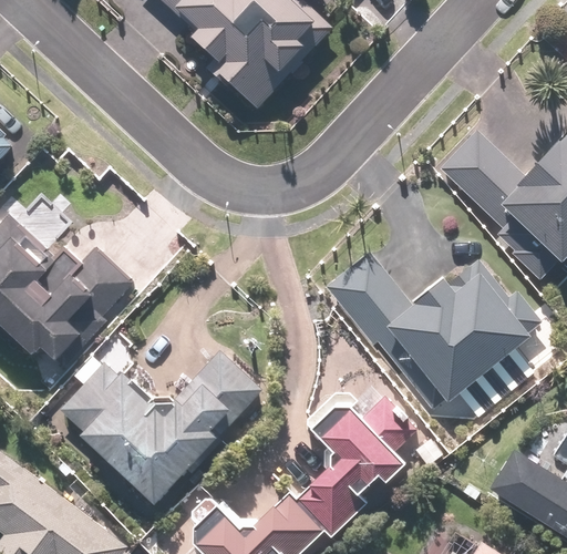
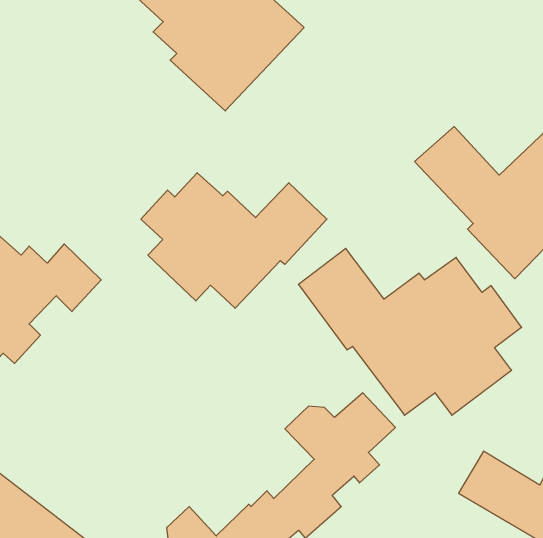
building: none -> [141,173,327,308]
building: [62,348,262,506] -> none

